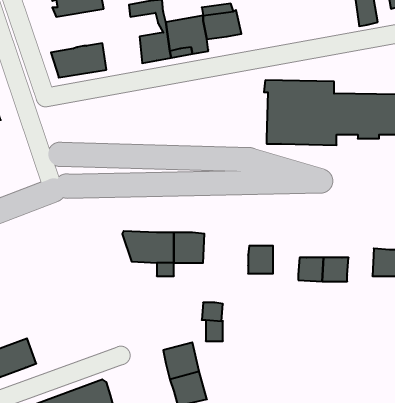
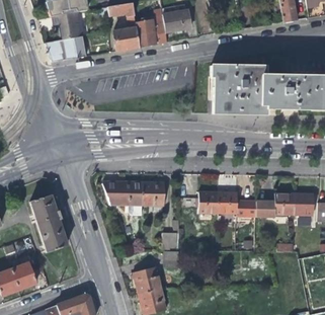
building: none -> [57,11,86,40]
building: none -> [217,191,237,214]
building: none -> [29,193,67,251]
building: none -> [273,193,294,215]

